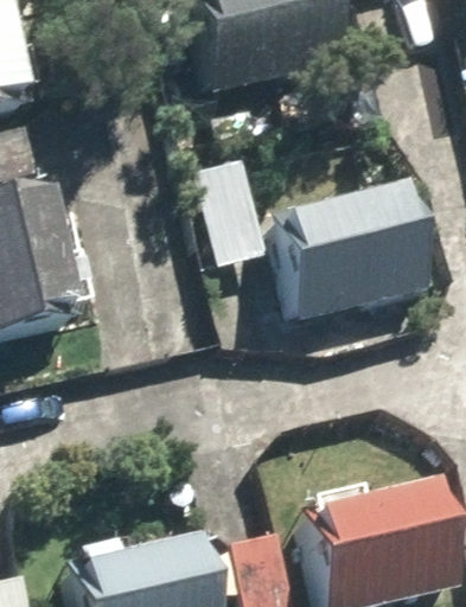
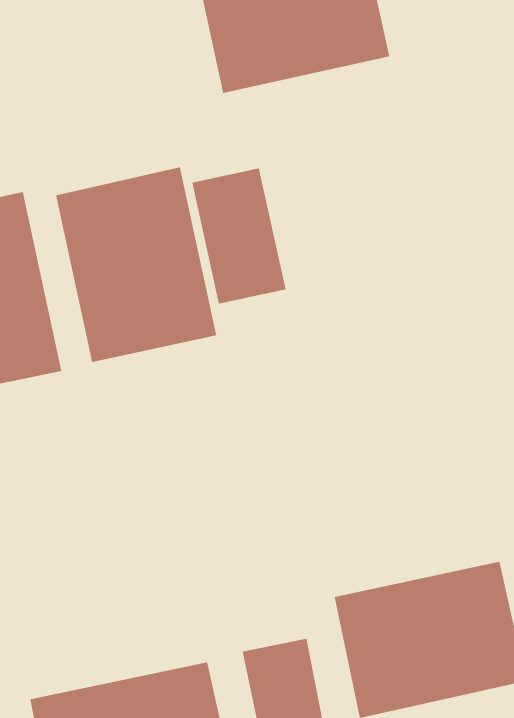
building: none -> [56,167,217,363]
building: [268,178,434,321] -> none

